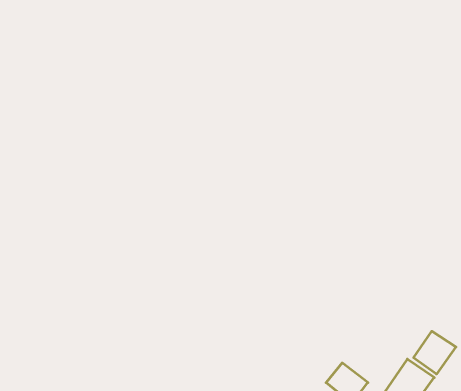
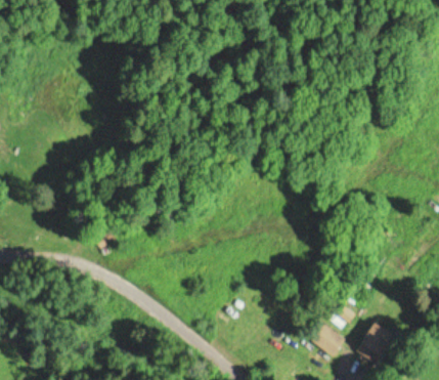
building: [414,331,456,374] -> none

